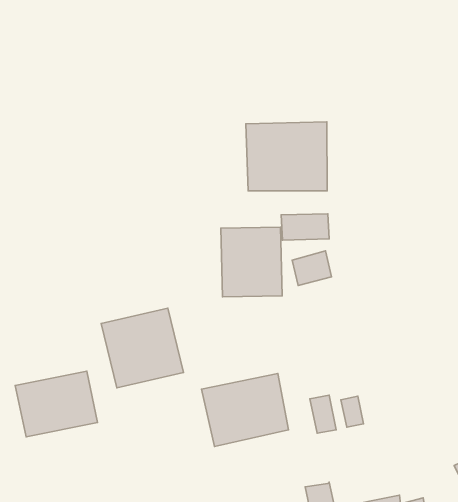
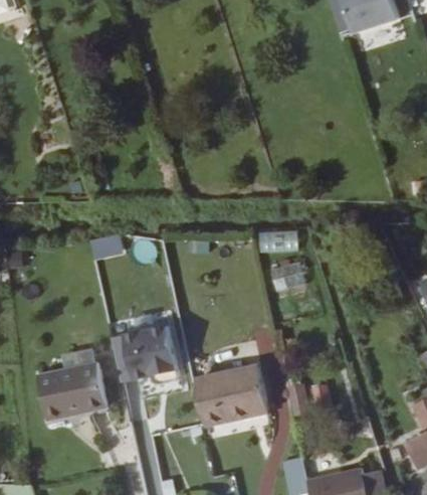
building: [246,122,327,191] -> none
building: [221,227,282,297] -> none

